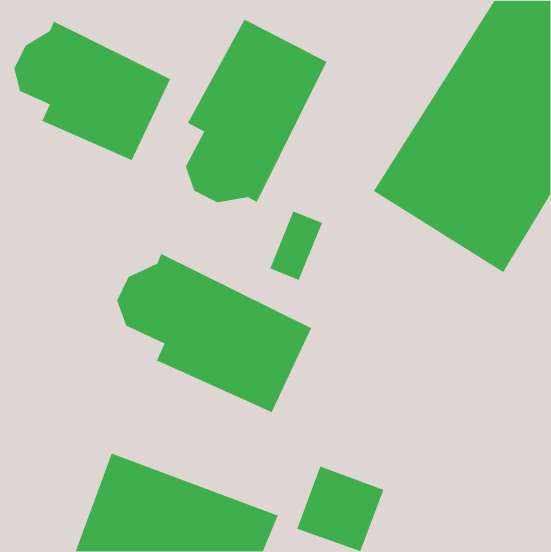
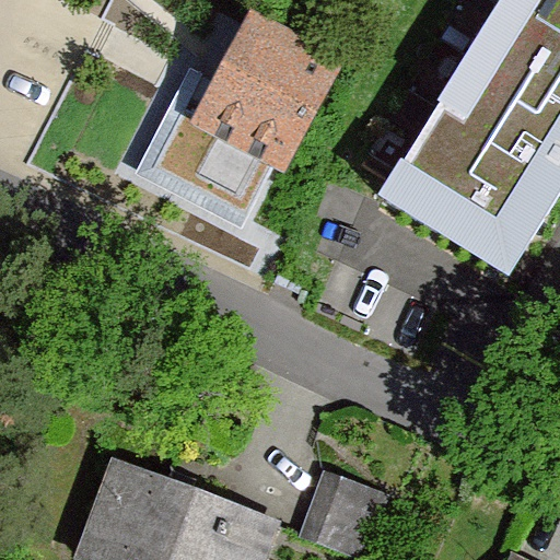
building: [13,20,171,161] -> none
building: [116,253,312,413] -> none

